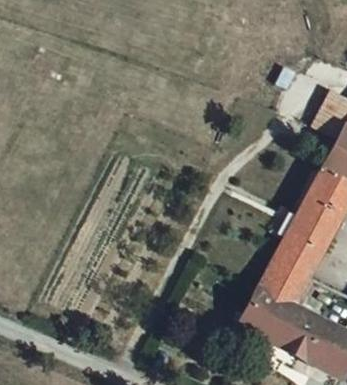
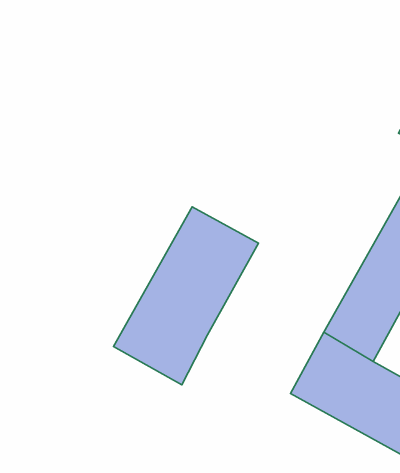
building: none -> [114,207,259,385]

